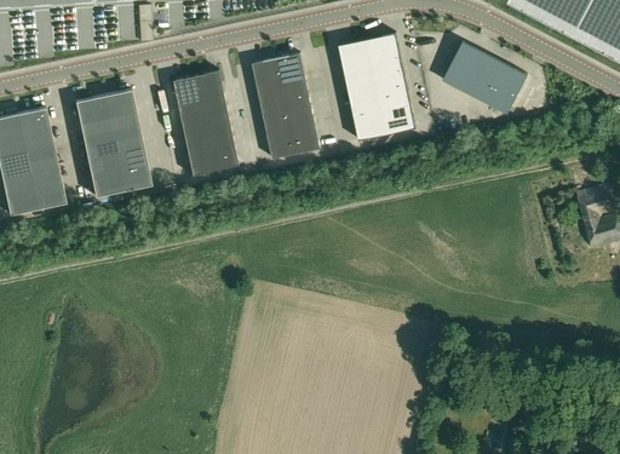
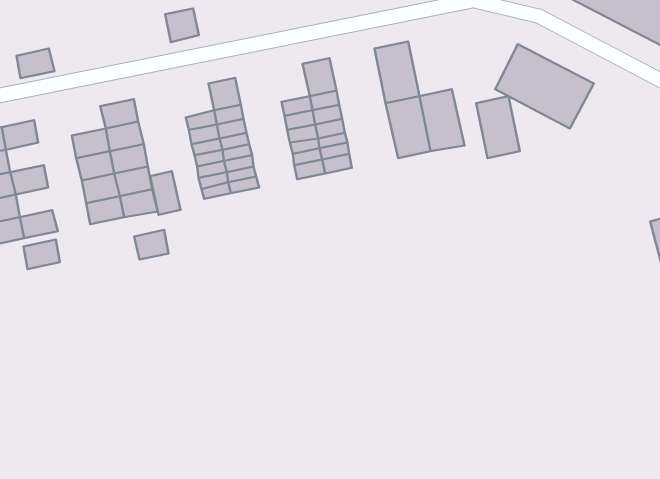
building: [368,33,406,86] -> [476,96,520,158]
building: [253,58,283,91] -> none
building: [172,75,201,104] -> [165,8,199,42]
building: [75,94,108,120] -> [16,49,54,78]
building: [22,126,54,151] -> none
building: none -> [150,171,180,215]
building: [30,165,62,190] -> [23,240,60,269]
building: none -> [134,230,169,260]

